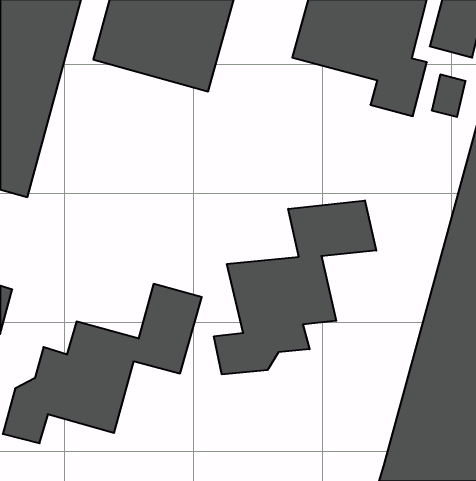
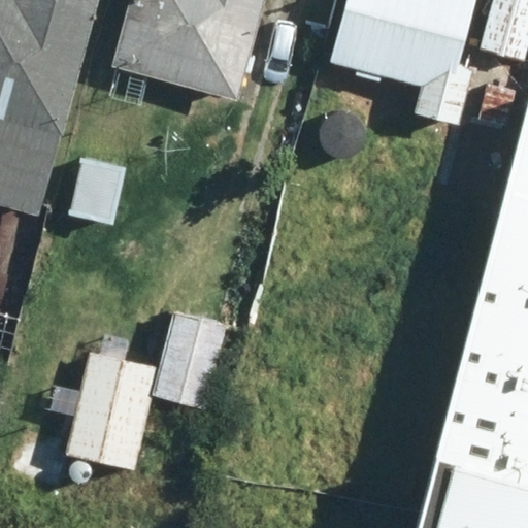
building: [214,200,376,374] -> none

